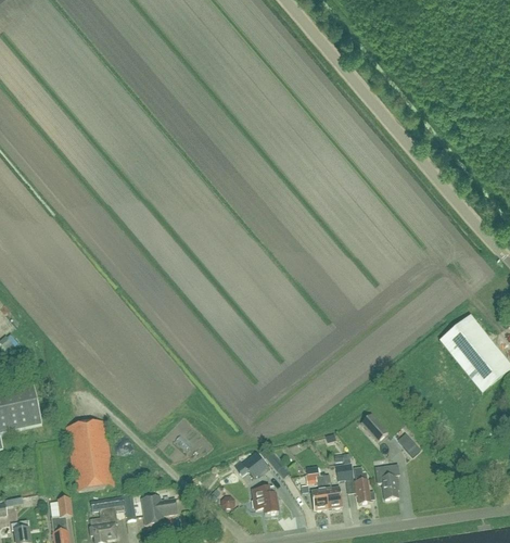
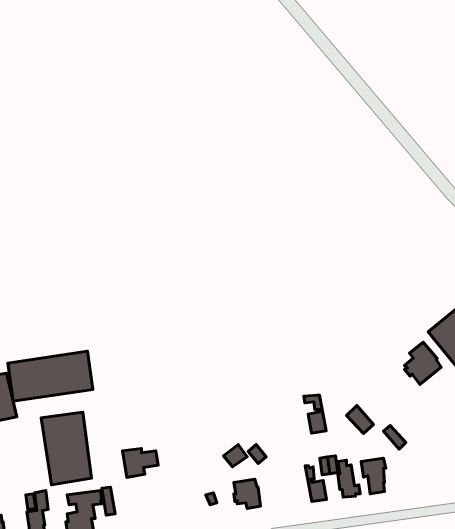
building: none -> [405,342,441,384]
building: none -> [8,351,93,401]
building: [306,471,328,508] -> [304,395,326,433]
building: [141,495,176,523] -> [122,448,158,478]

